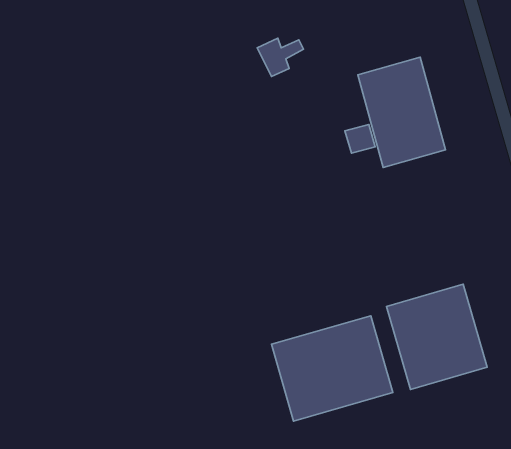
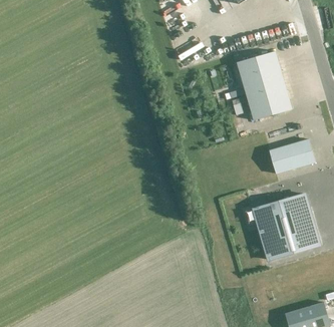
building: none -> [269,139,315,174]
building: [272,316,393,421] -> none

